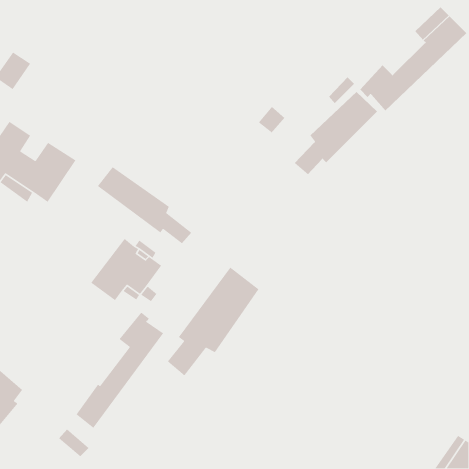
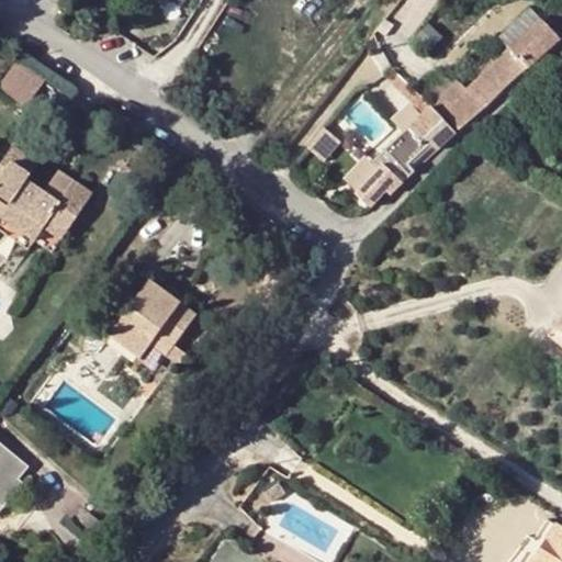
building: [97,166,192,244] -> none
building: [167,267,260,377] -> none
building: [75,312,164,429] -> none

